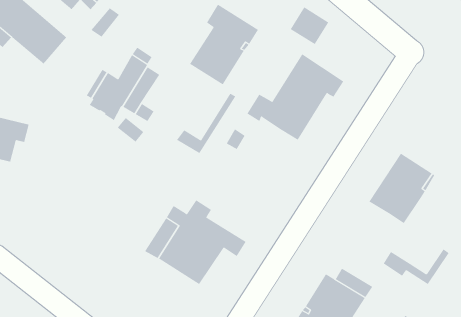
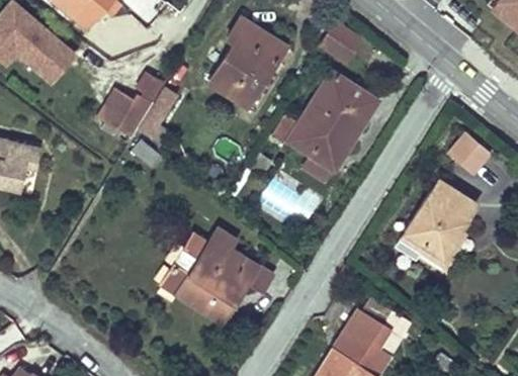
building: [176,93,236,154] -> [301,116,366,182]
building: none -> [448,133,492,176]
building: [383,248,450,285] -> [396,229,467,269]

